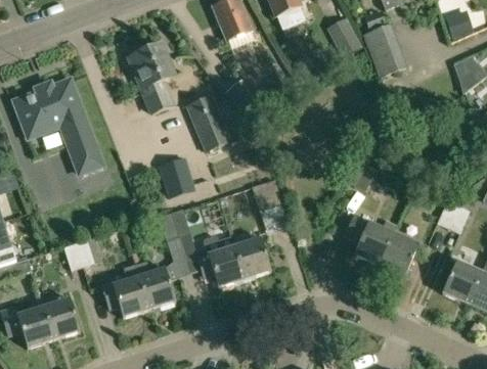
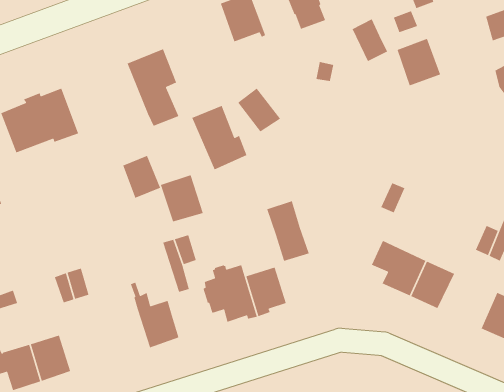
building: [70,134,104,173] -> [122,155,161,199]
building: [101,265,148,318] -> none

